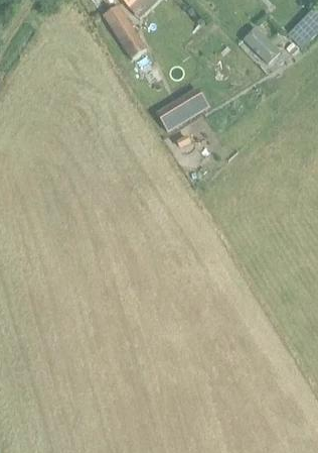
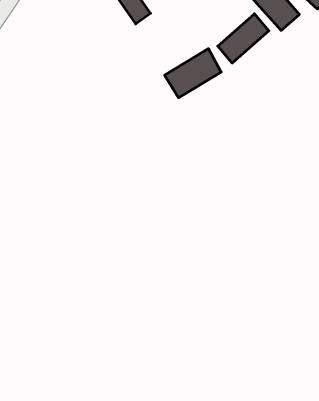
building: none -> [218,14,269,63]

